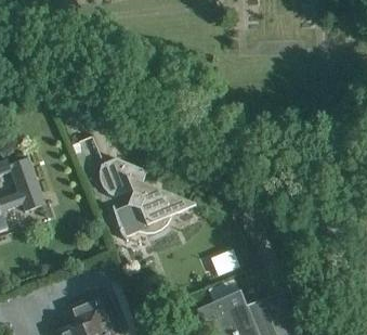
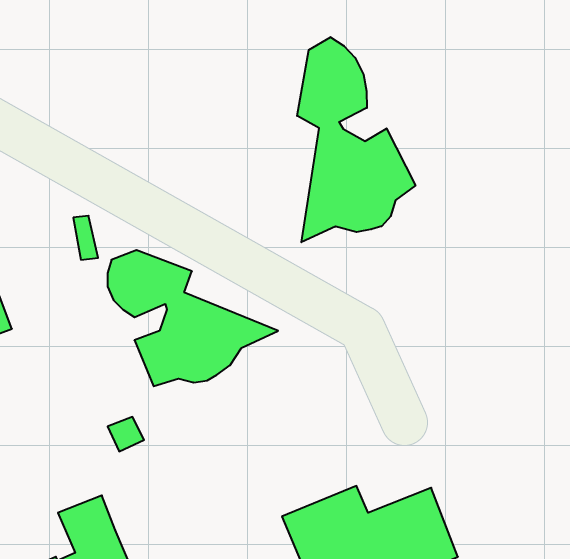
building: none -> [297,37,415,242]

